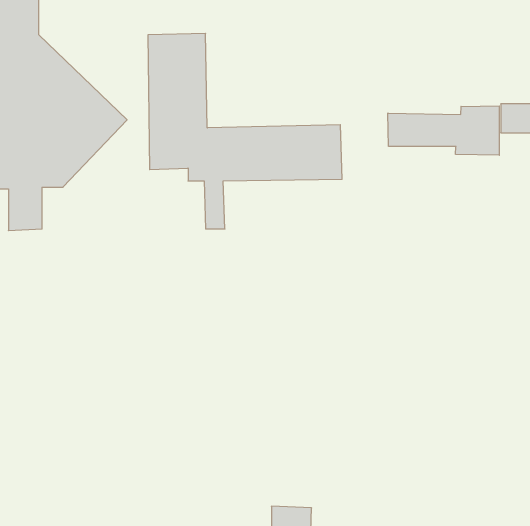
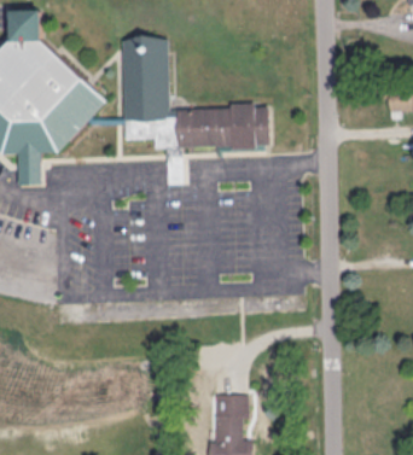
building: [388,106,499,155] -> none

